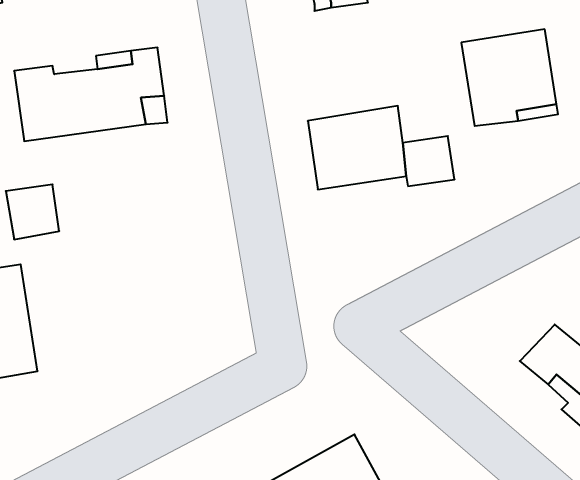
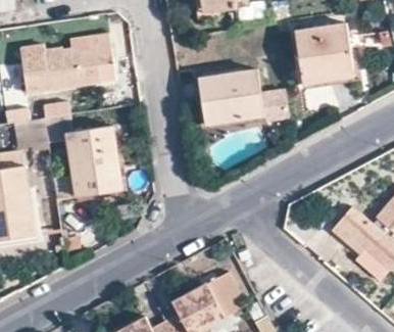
building: none -> [67,129,120,196]

